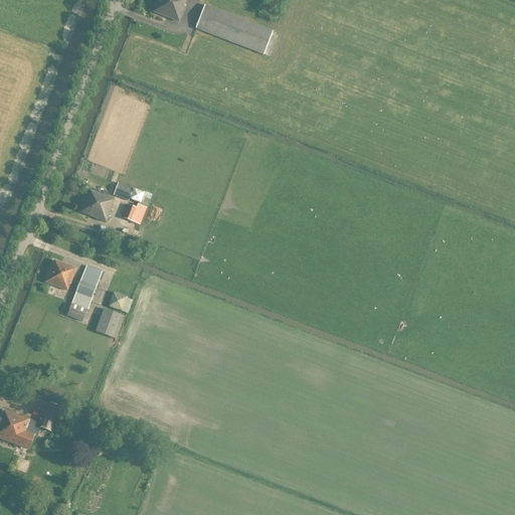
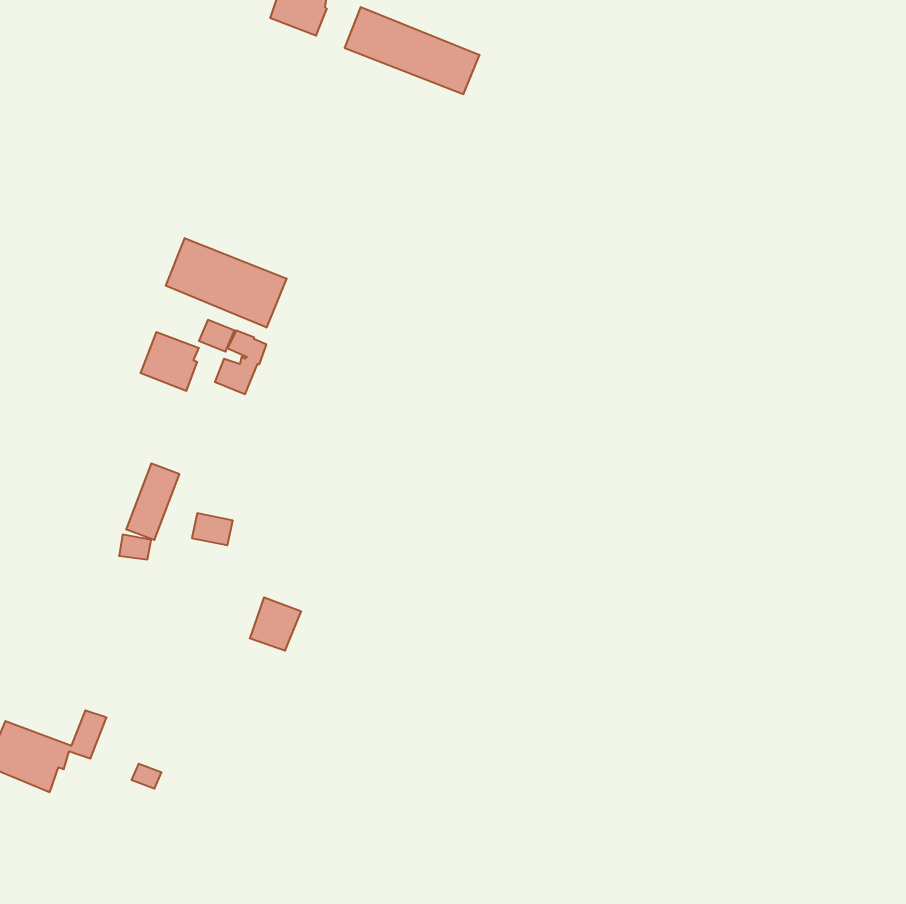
building: none -> [166,238,287,328]
building: [52,262,81,290] -> none
building: [95,307,124,337] -> [250,597,301,651]

